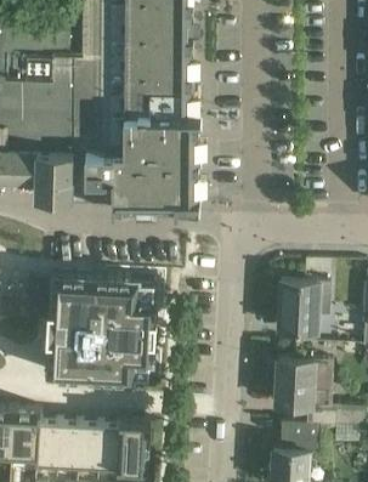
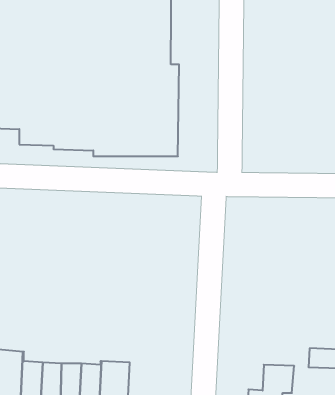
building: [46,276,155,381] -> none
building: [278,282,330,333] -> none
building: [274,361,333,409] -> none

